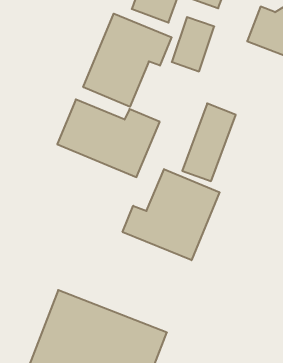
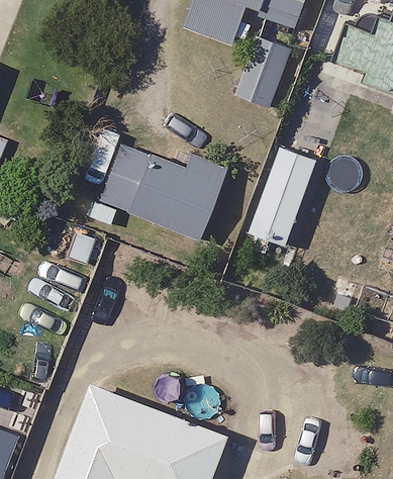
building: [83,14,172,107] -> none
building: [123,169,220,260] -> none

